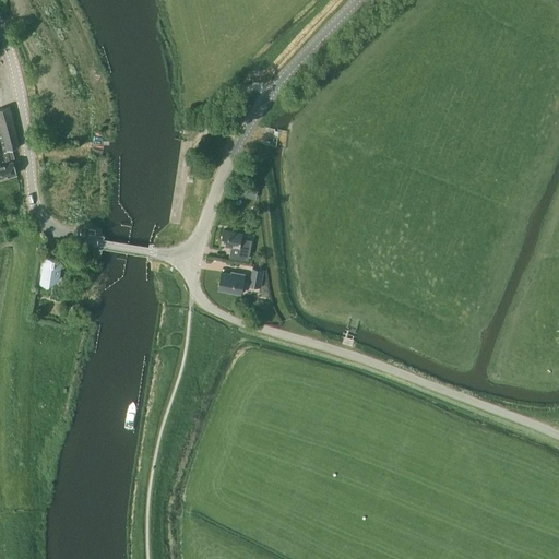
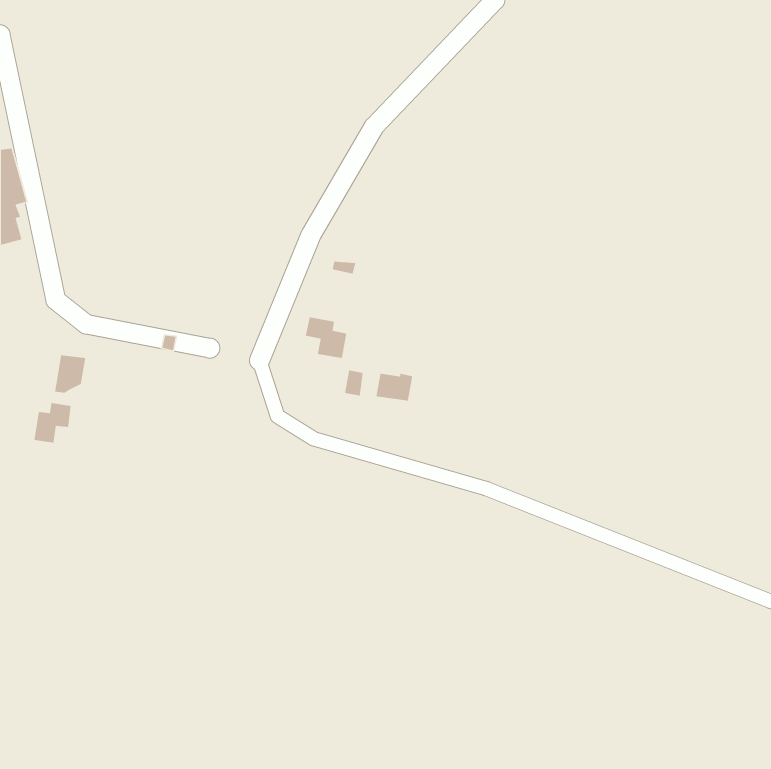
building: [217,273,245,294] -> [375,373,413,401]
building: none -> [33,402,72,444]

